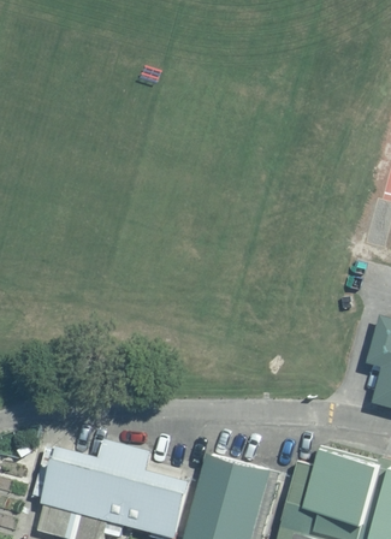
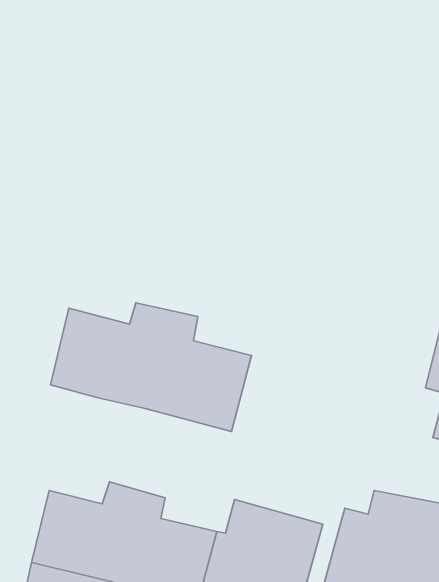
building: none -> [50,303,251,431]

